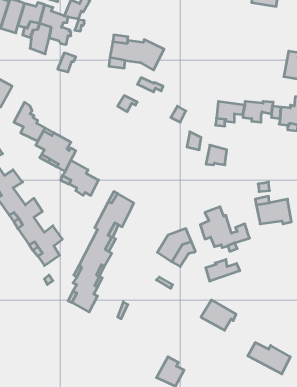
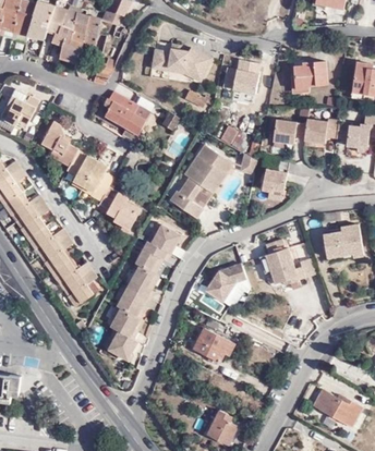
building: none -> [293,58,326,86]
building: none -> [222,59,259,93]
building: none -> [102,92,149,133]
building: none -> [171,144,233,217]
building: [206,259,240,281] -> none
building: [201,300,236,330] -> [193,327,233,362]

